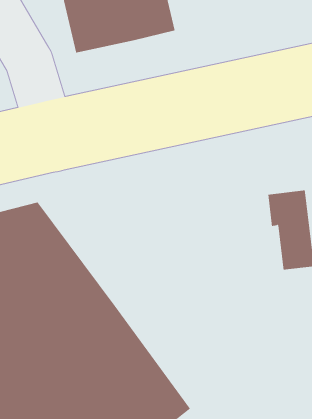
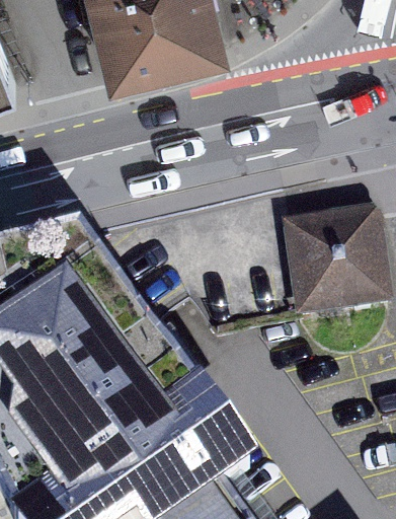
building: none -> [292,231,347,321]

